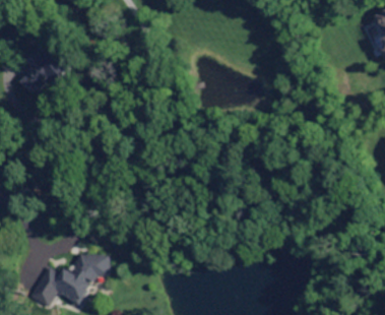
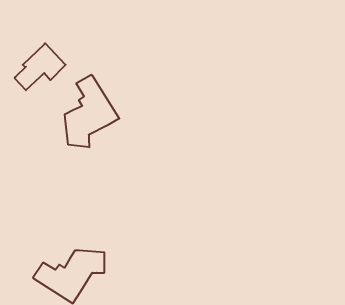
building: none -> [65,75,119,147]

